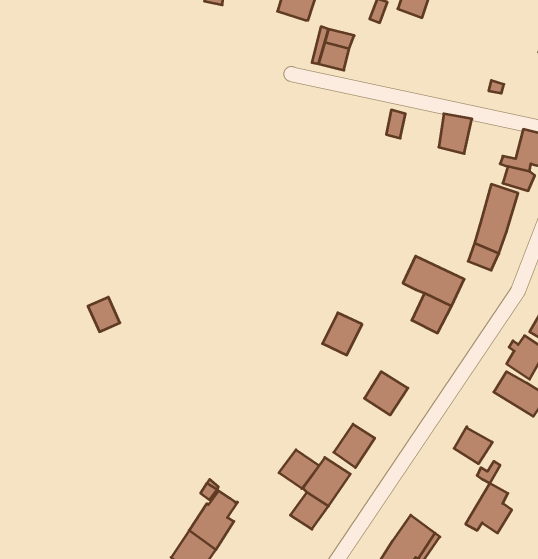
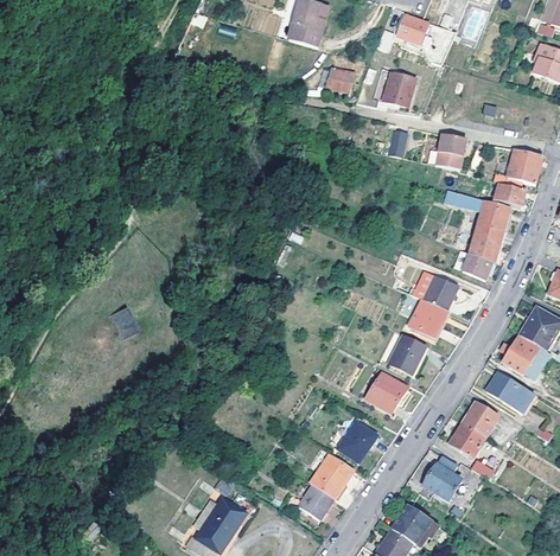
building: none -> [382,72,416,108]
building: [322,313,362,355] -> [389,335,426,375]
building: none -> [462,402,498,437]
building: [279,450,319,489] -> none
building: [466,483,512,533] -> [418,455,460,501]

